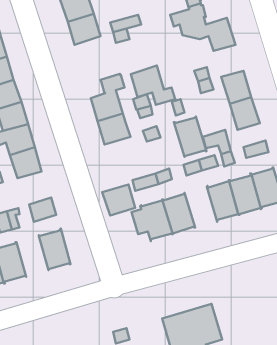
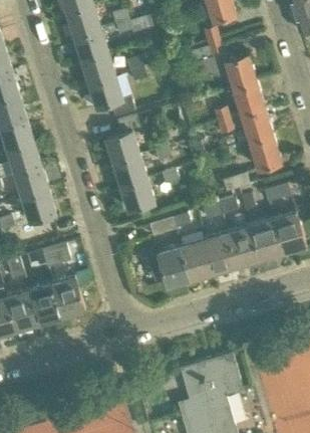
building: none -> [233,83,264,117]
building: [131,65,175,105] -> [88,74,134,116]
building: [174,116,207,157] -> [203,231,237,273]
building: [102,185,135,215] -> [119,179,153,211]
building: none -> [28,281,61,324]

